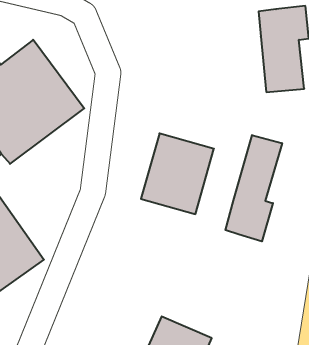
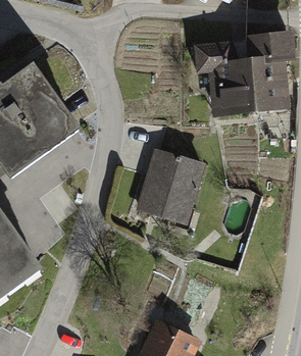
building: none -> [191,40,253,115]
building: [225,135,282,241] -> none

